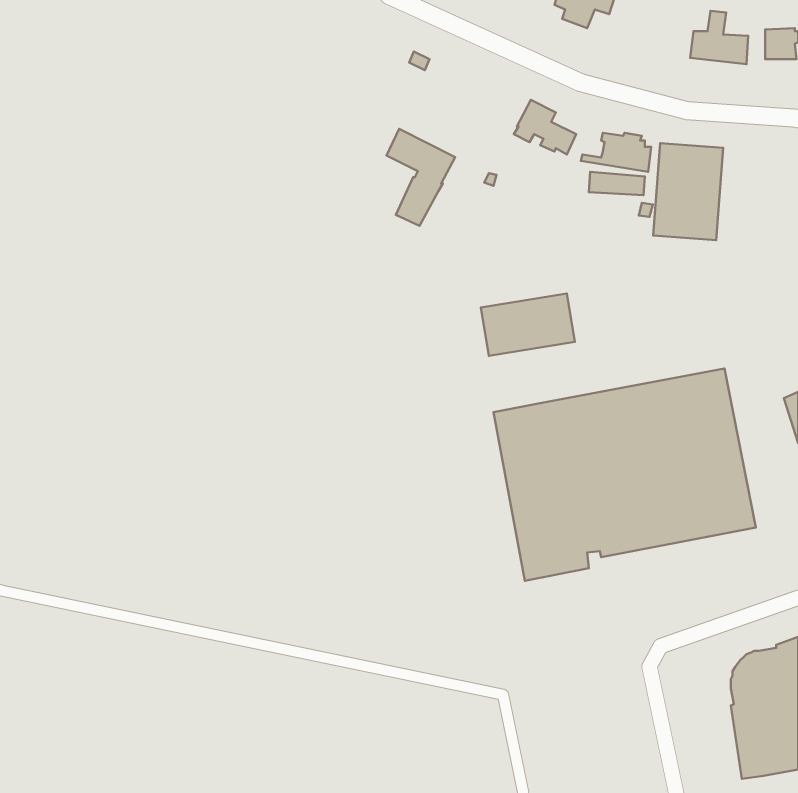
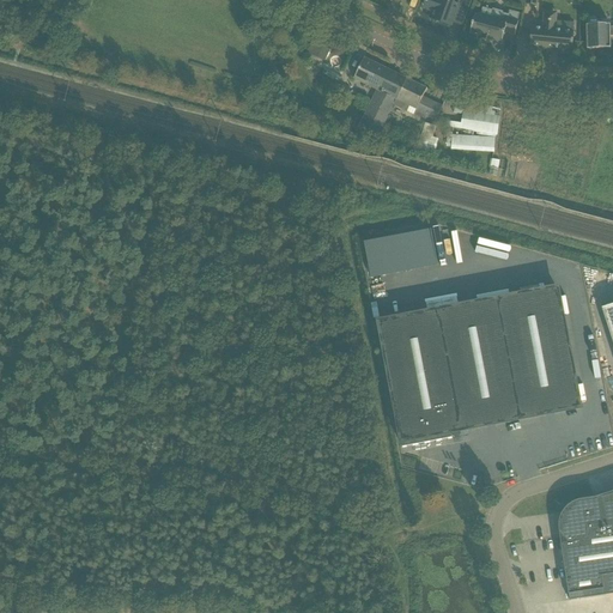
building: none -> [469,6,520,40]
building: [387,129,455,226] -> [354,55,407,129]
building: [653,143,723,240] -> none

